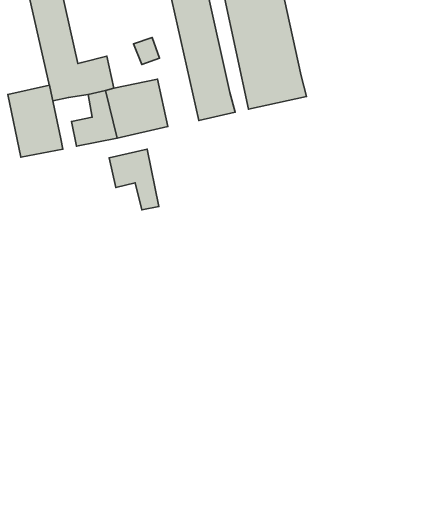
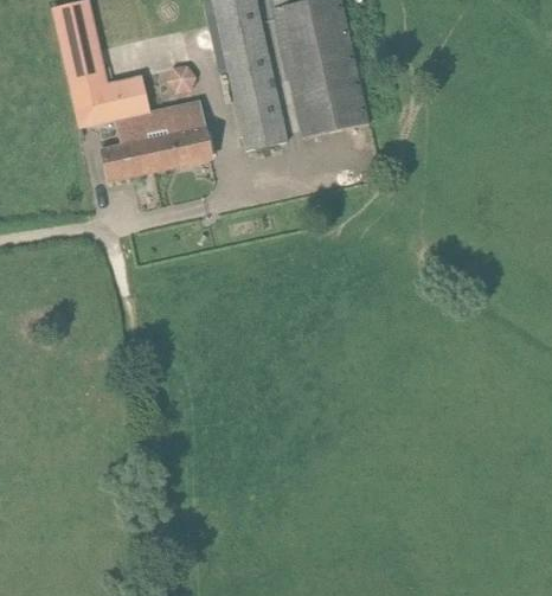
building: [8,85,63,157] -> none
building: [109,149,159,210] -> none

